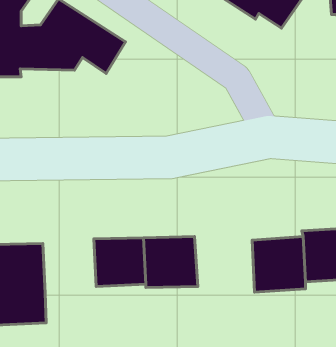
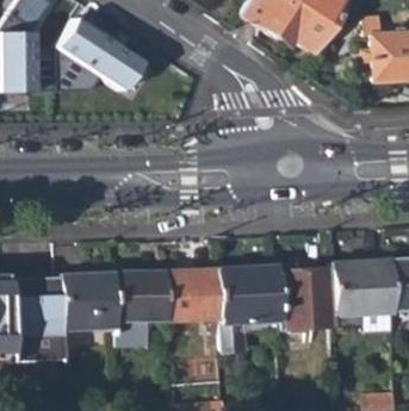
building: none -> [221,267,284,354]
building: none -> [61,272,118,329]

